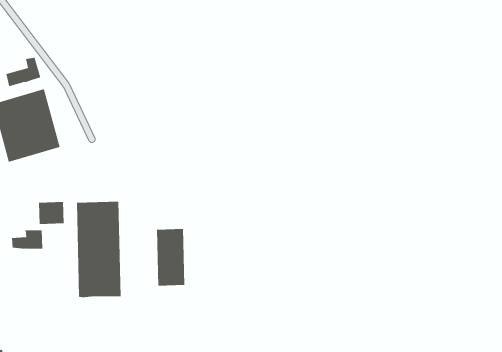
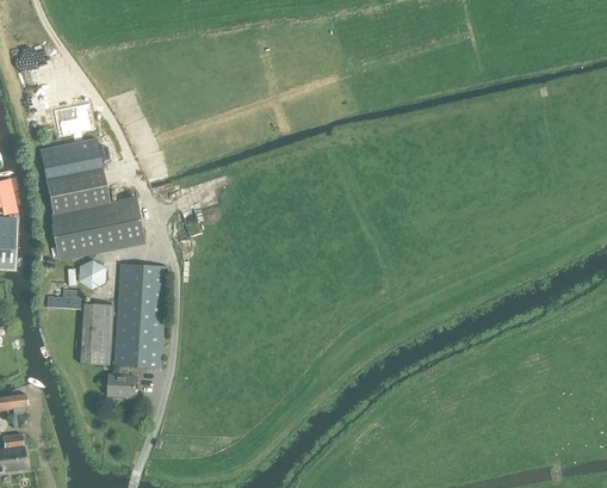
building: none -> [50,199,144,258]
building: [156,228,185,286] -> [79,303,112,365]
building: none -> [106,366,135,396]

